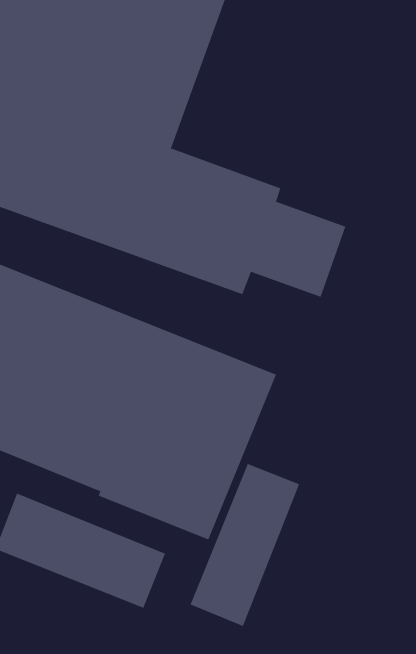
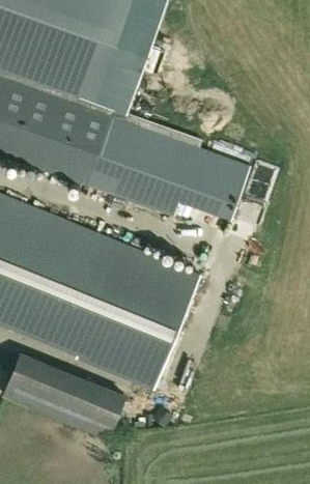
building: [190,463,300,627] -> none

